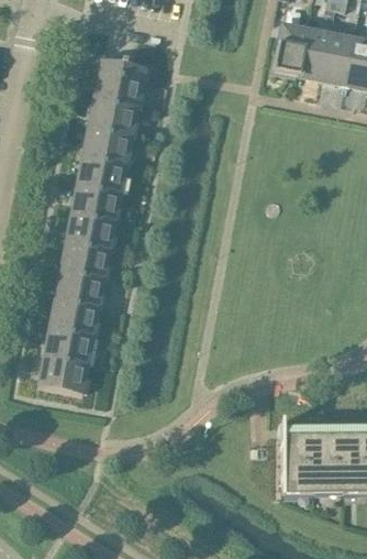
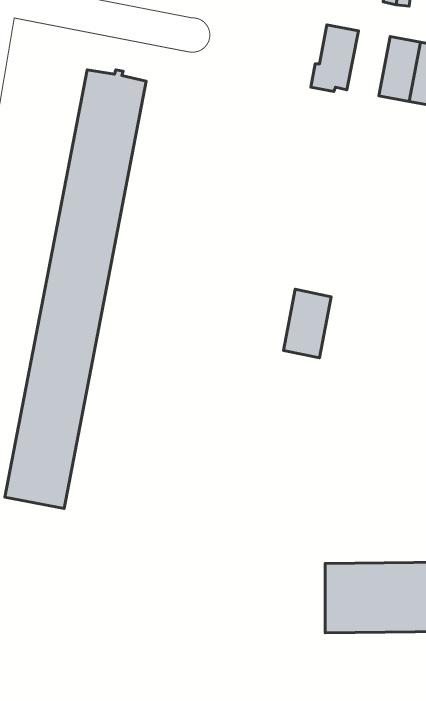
building: [300,28,333,77] -> none
building: none -> [283,289,331,358]

